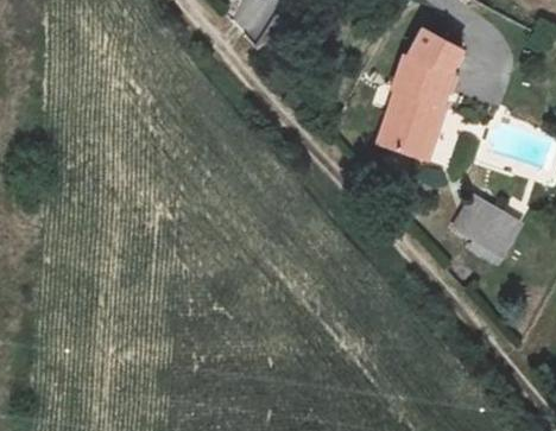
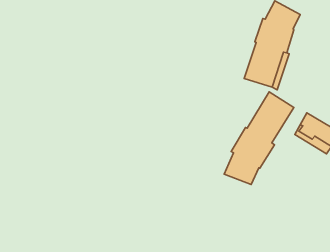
building: none -> [224,92,294,185]

